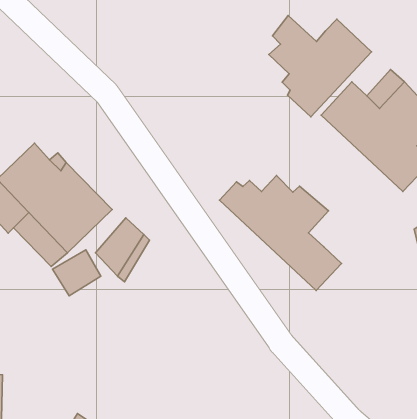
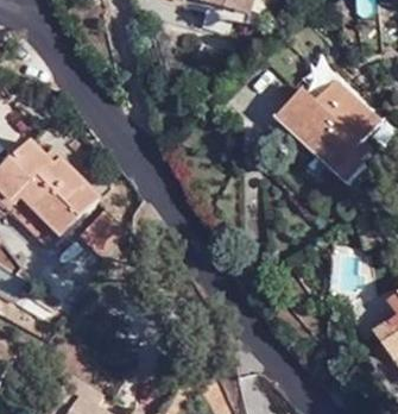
building: [269,16,372,117] -> none
building: [219,175,342,290] -> none

